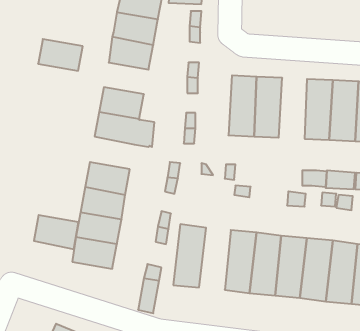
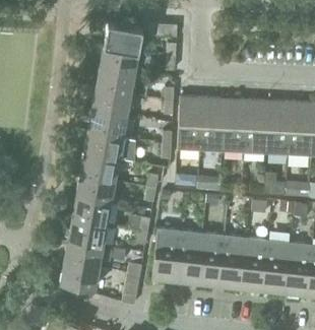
building: [38,39,83,71] -> [92,87,131,115]
building: none -> [178,97,203,150]
building: none -> [244,101,268,153]
building: none -> [80,151,119,180]
building: [34,215,78,249] -> [61,260,100,289]
building: none -> [175,230,202,284]

